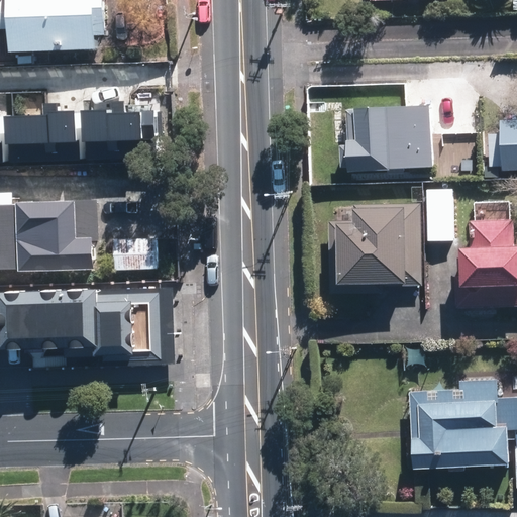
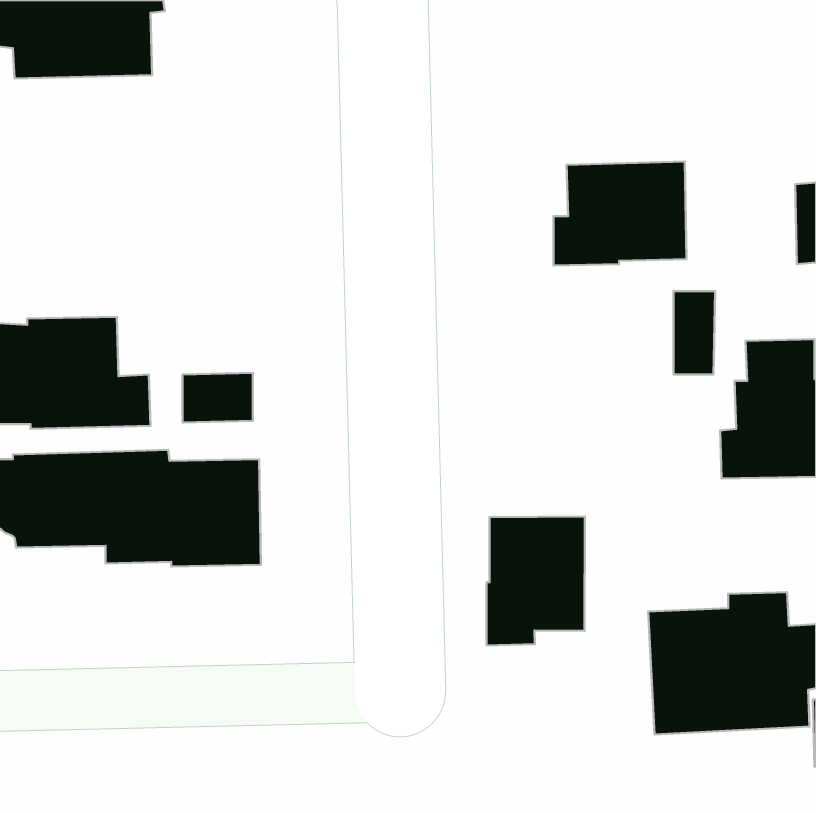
building: [80,105,152,143] -> none
building: [4,106,73,146] -> none
building: [328,202,421,291] -> none
building: none -> [486,516,585,645]

